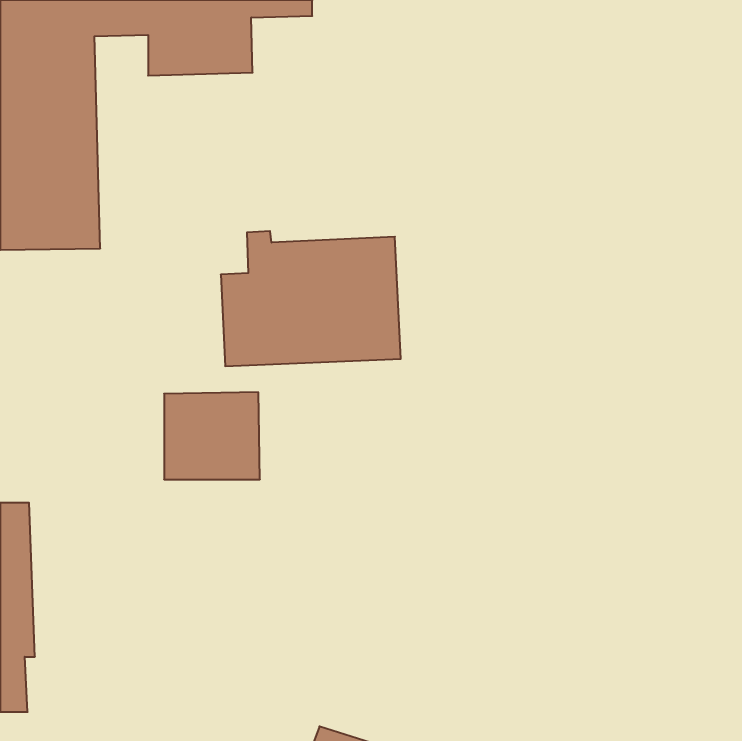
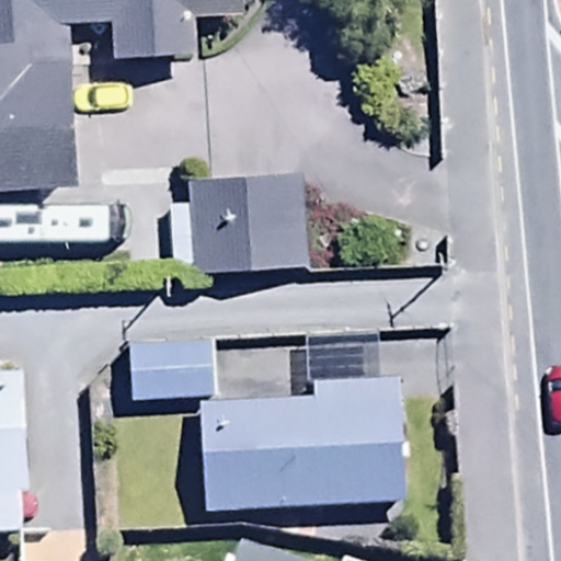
building: none -> [201,337,391,472]

